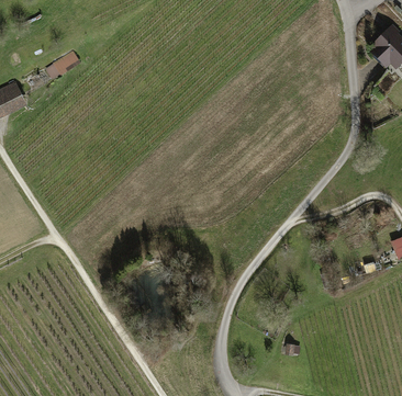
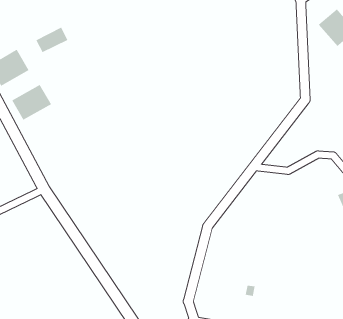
building: none -> [11,84,52,121]

